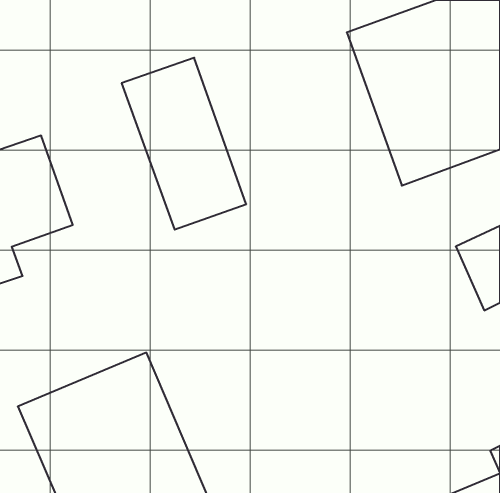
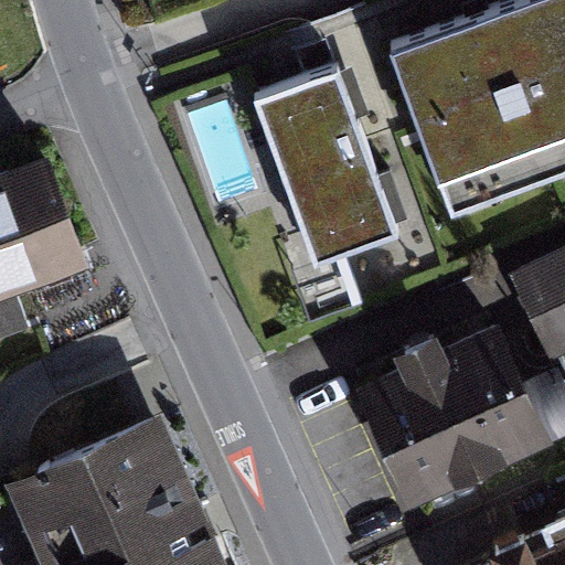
building: [122,58,246,230] -> [259,75,399,268]
building: none -> [355,331,553,515]

